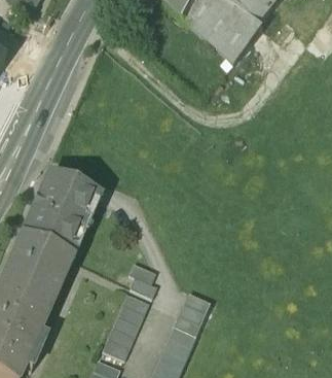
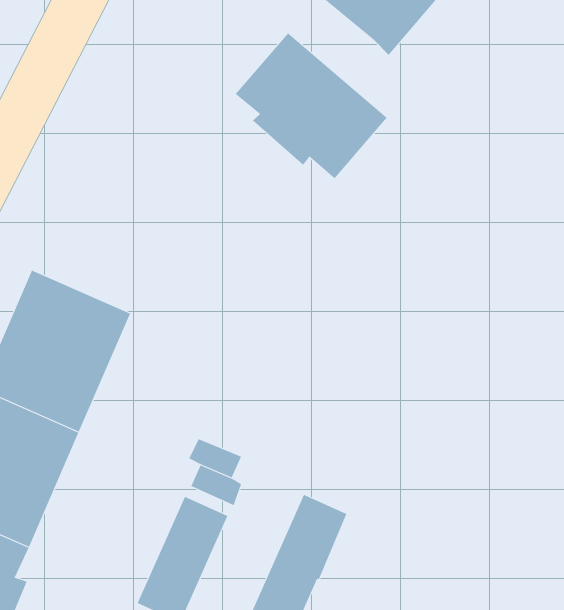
building: none -> [235,32,387,179]

